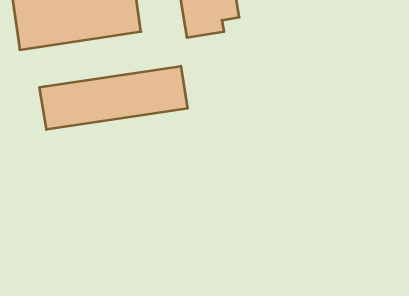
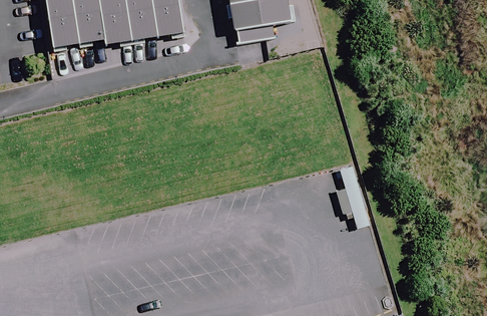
building: [40,66,187,130] -> none

